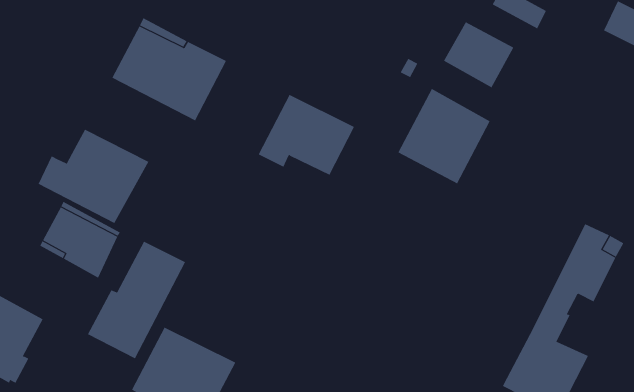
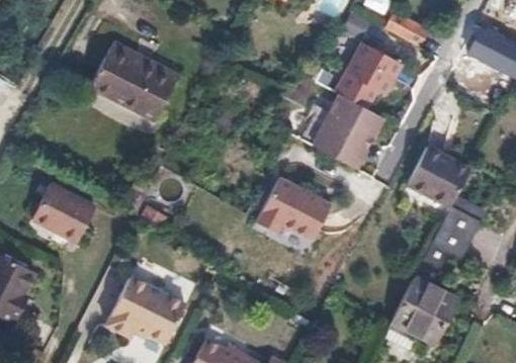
building: [258,94,355,175] -> [257,176,332,239]
building: [38,129,149,224] -> none
building: none -> [405,146,469,207]
building: [87,241,186,359] -> none

